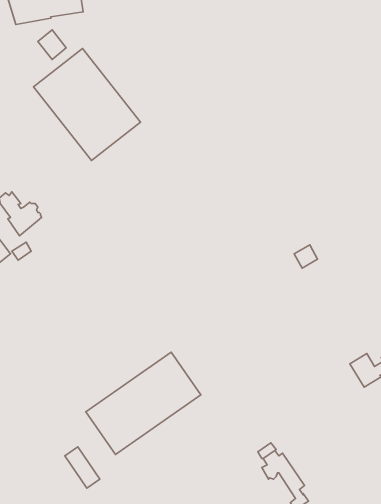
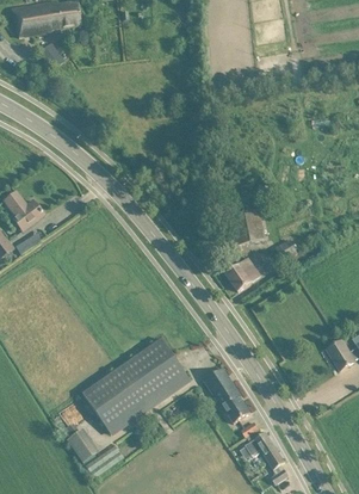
building: [34,48,140,160] -> none
building: none -> [231,210,265,243]
building: none -> [225,257,261,290]
building: none -> [204,368,250,422]

